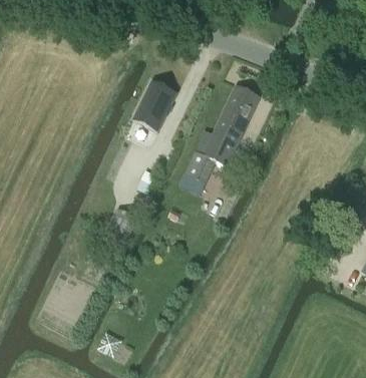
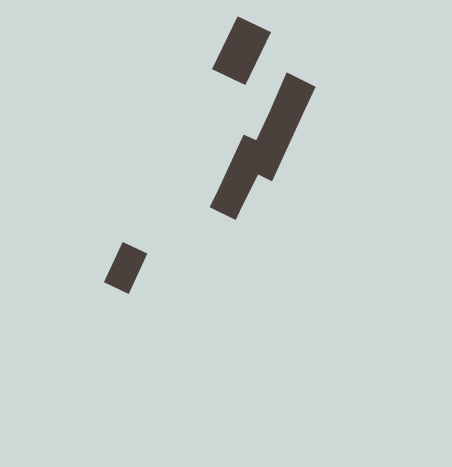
building: [133,79,177,130] -> [211,15,272,86]

